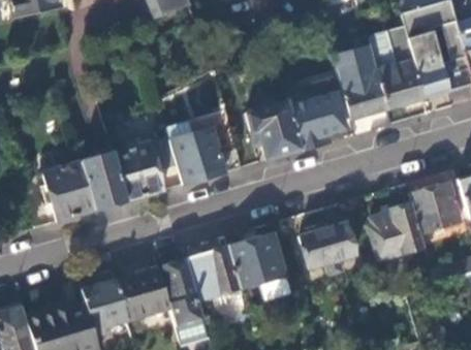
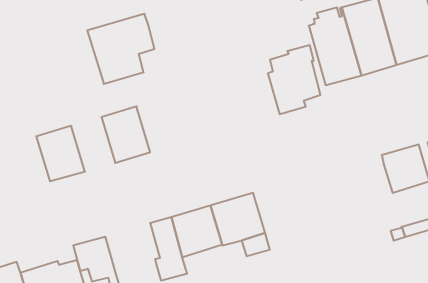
building: [245,96,301,161] -> none
building: [164,109,236,184] -> [87,14,154,84]
building: [80,152,126,210] -> none
building: [369,202,423,259] -> none
building: [300,221,357,275] -> none
building: [116,266,169,319] -> none

